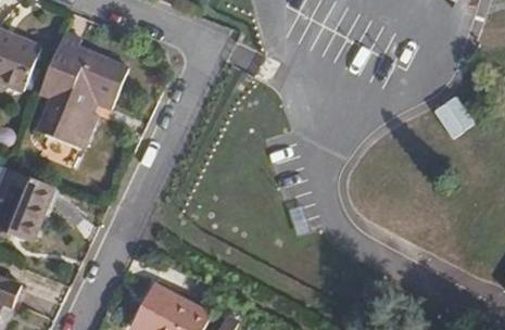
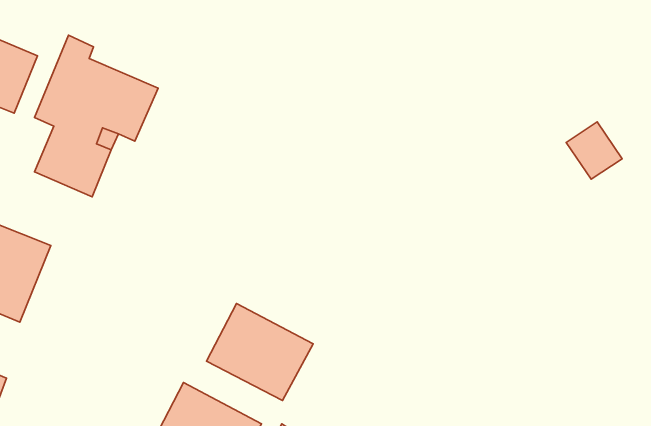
building: none -> [206,303,313,401]

